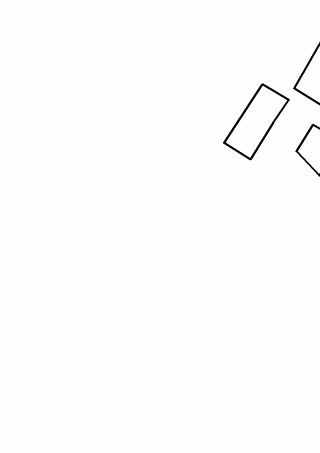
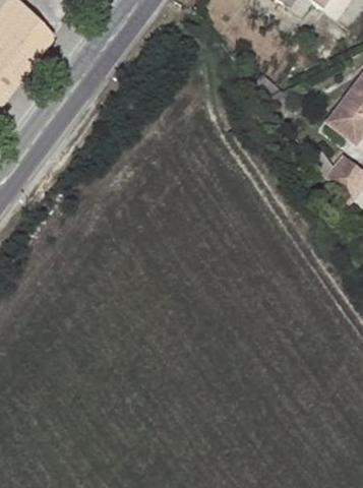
building: [224,84,289,159] -> none

